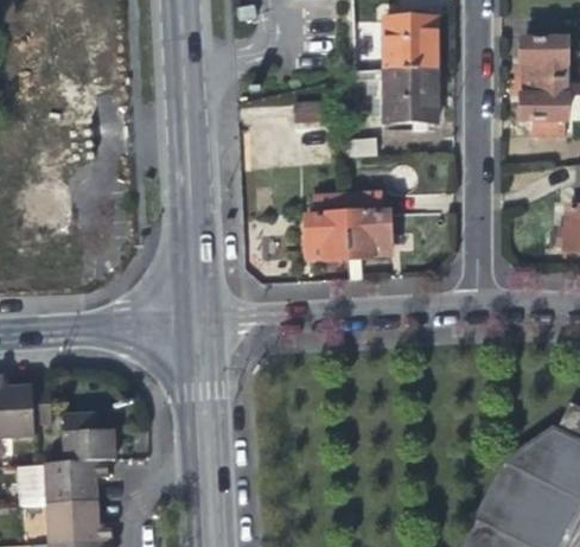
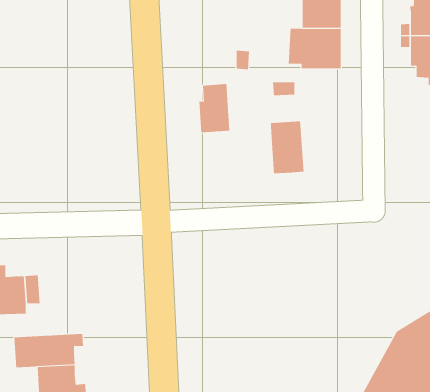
building: [310,197,350,260] -> [199,83,230,133]
building: [63,414,114,464] -> none

